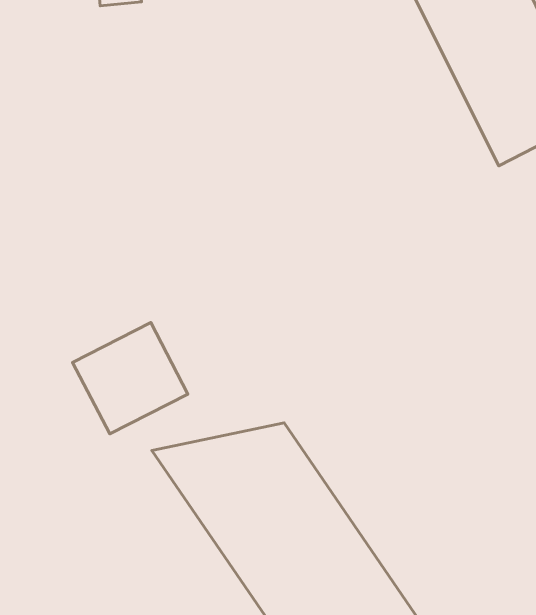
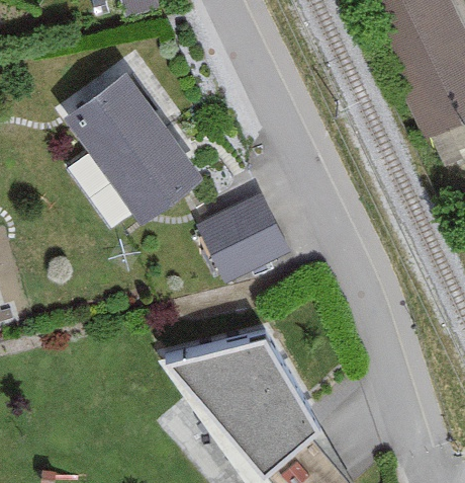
building: none -> [67,75,206,224]
building: [73,323,188,434] -> [198,193,286,278]

